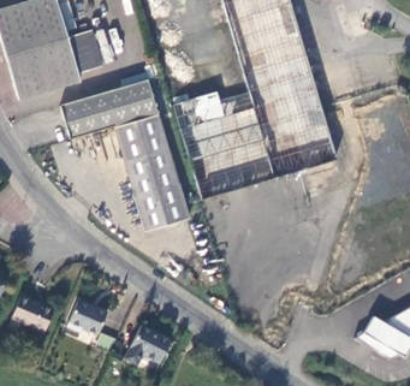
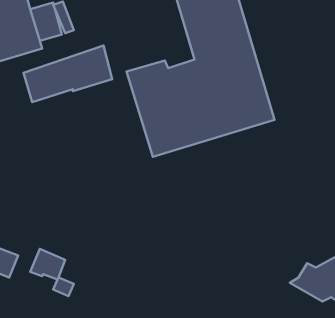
building: [115,113,190,231] -> none
building: [127,325,173,363] -> none

